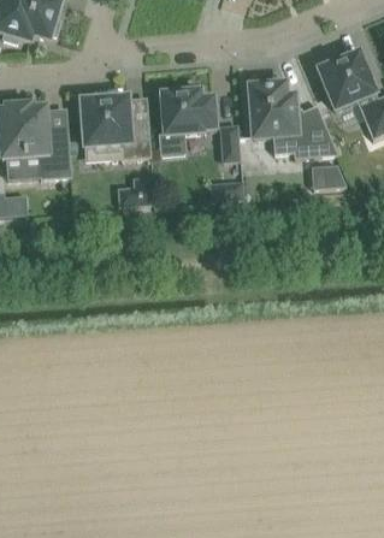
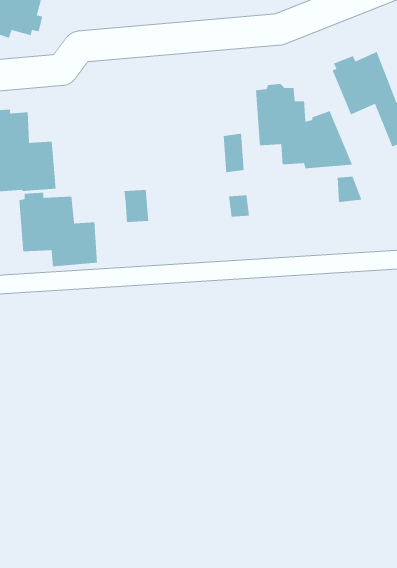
building: [156,84,215,154] -> none
building: [79,91,150,159] -> [19,192,98,267]

